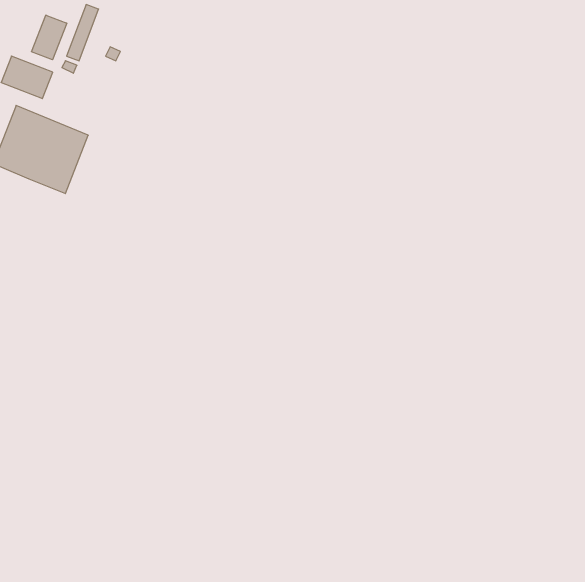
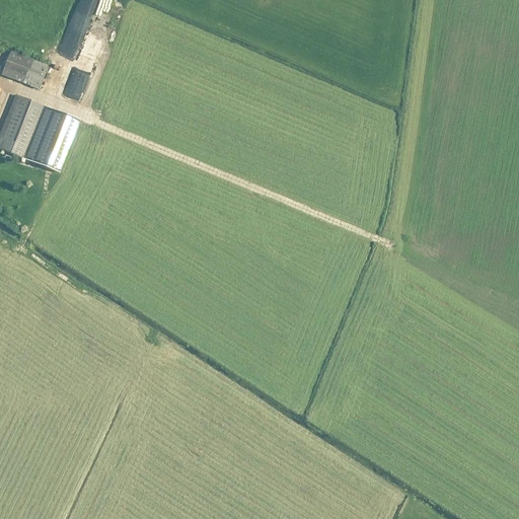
building: [32,15,67,60] -> none

